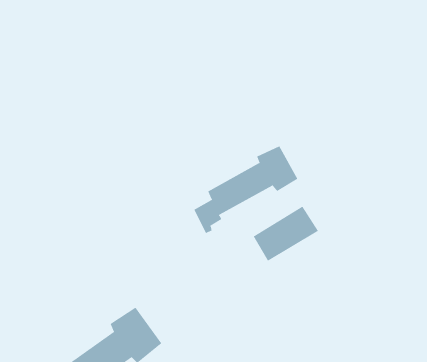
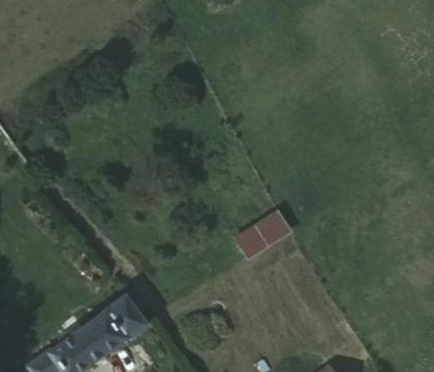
building: [193,146,298,234] -> none

